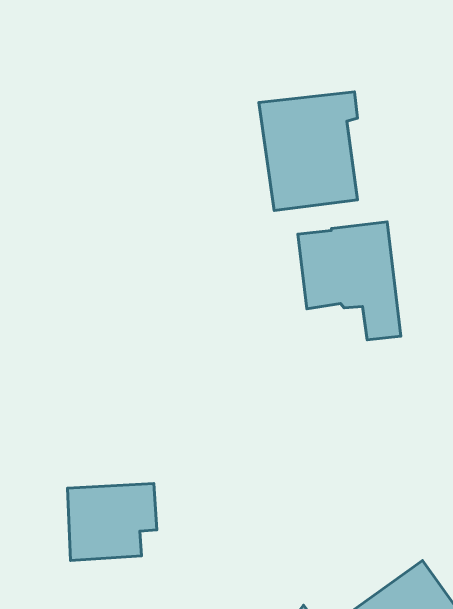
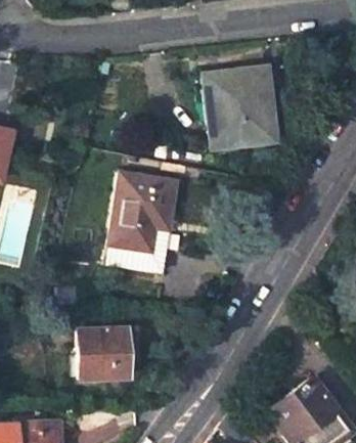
building: [298,222,401,340] -> none
building: none -> [107,171,178,270]

